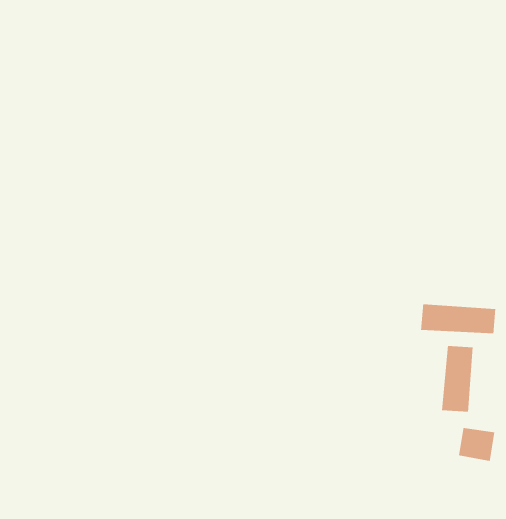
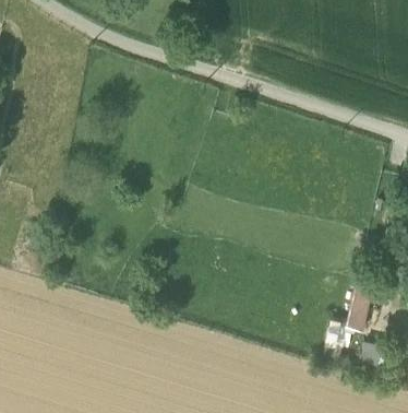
building: [420,303,496,334] -> none

